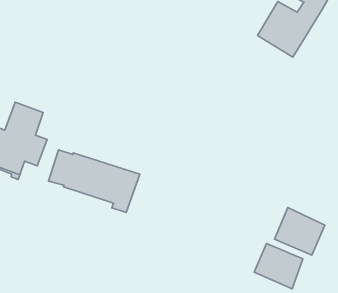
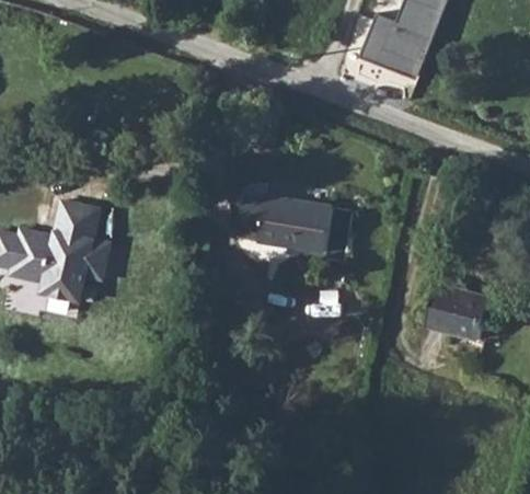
building: [49,150,140,213] -> [233,194,350,262]
building: [254,244,303,289] -> none

